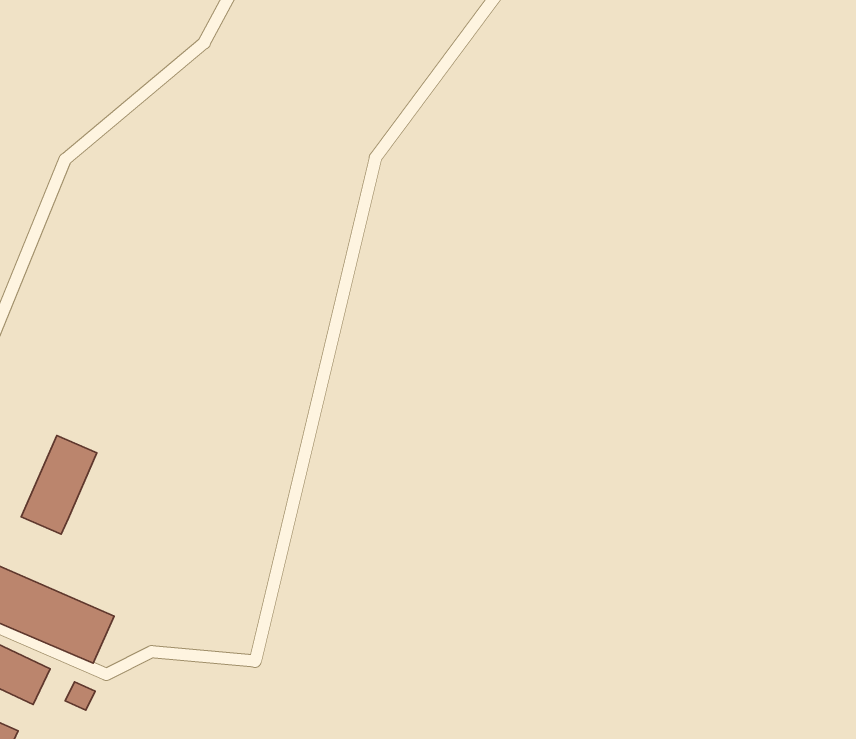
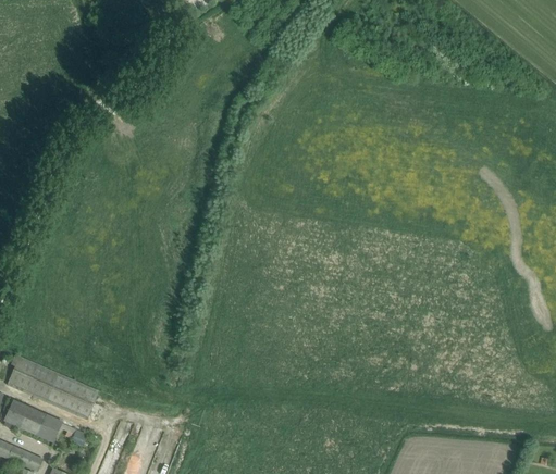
building: [21,436,97,534] -> none

